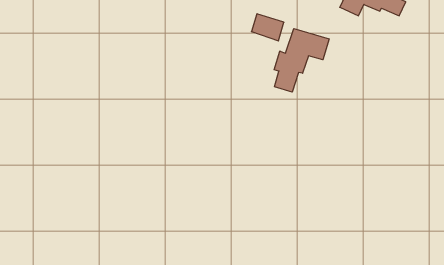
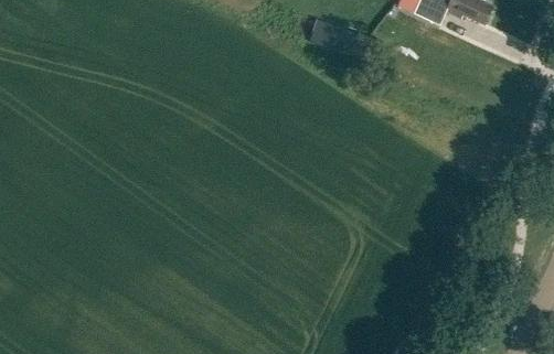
building: [274,29,329,92] -> none

